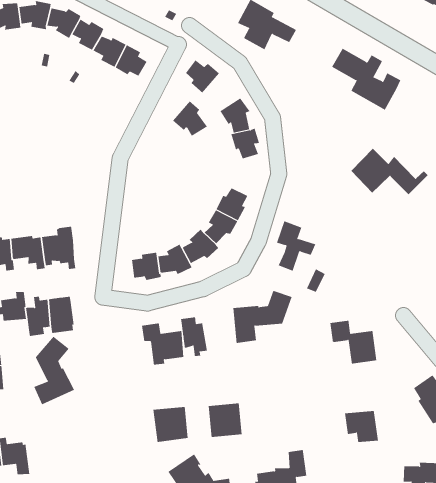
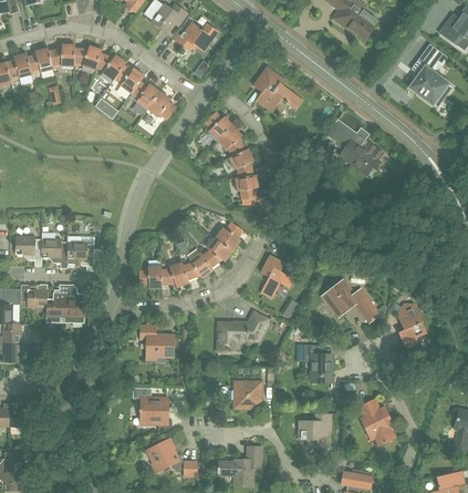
building: [172,101,208,137] -> [217,125,246,155]
building: [350,148,429,195] -> [322,278,386,321]
building: [180,317,208,357] -> none
building: [34,336,75,405] -> none
building: [208,403,242,437] -> [233,380,261,408]

